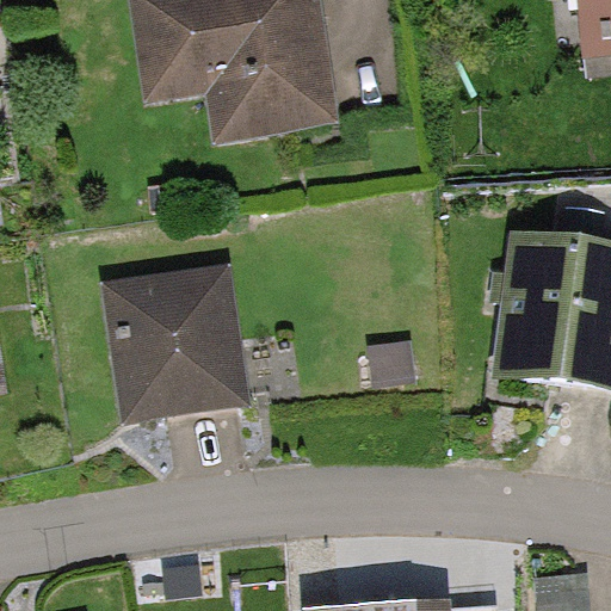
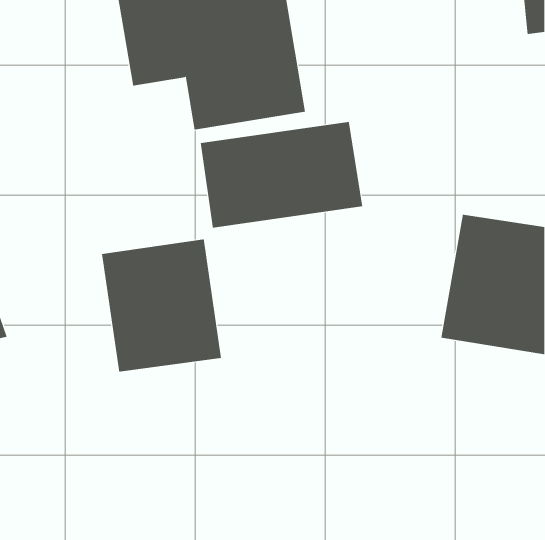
building: none -> [200,121,363,228]

